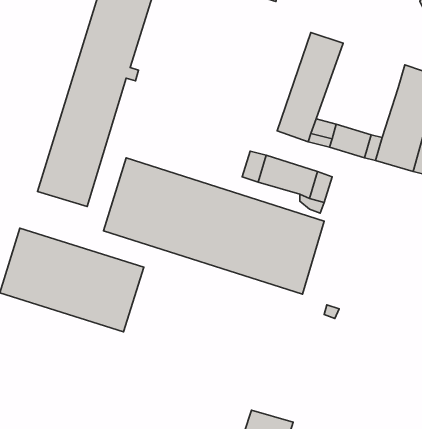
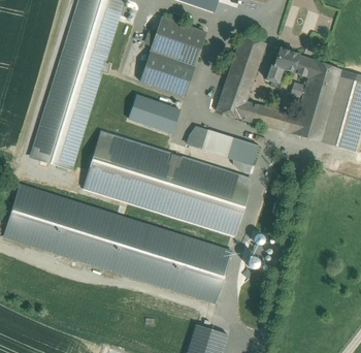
building: none -> [139,17,206,96]
building: none -> [266,47,314,83]
building: none -> [139,103,184,133]
building: none -> [98,215,231,301]

